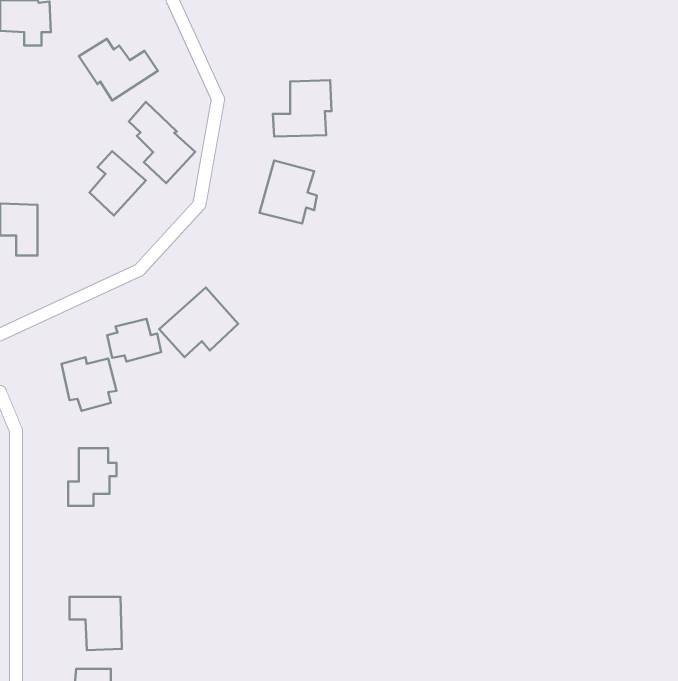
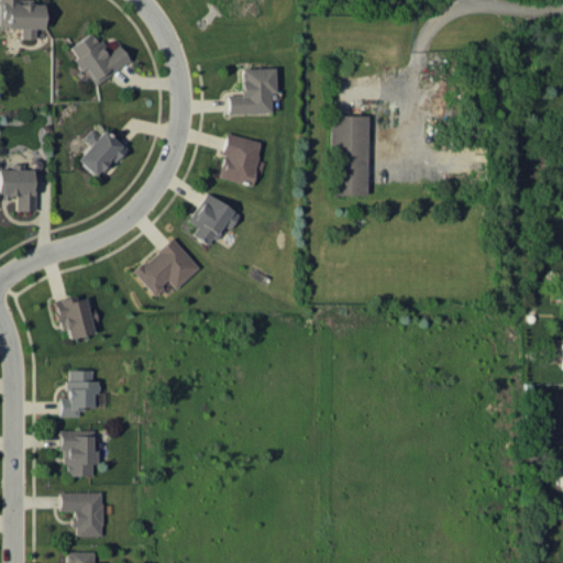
building: [129,102,195,183] -> none
building: none -> [334,115,371,196]
building: none -> [189,194,241,247]
building: [107,319,161,362] -> none
building: none -> [60,431,99,477]

